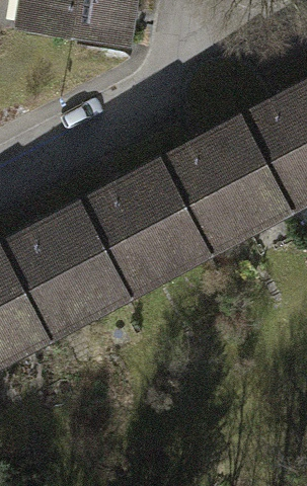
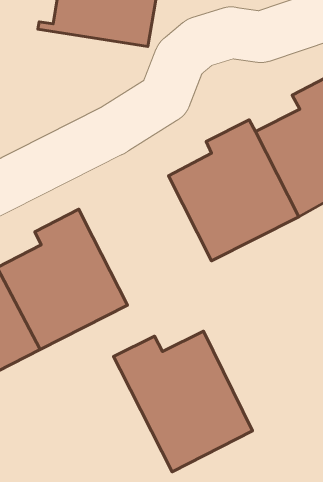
building: [82,159,202,293] -> none
building: none -> [114,331,253,472]

